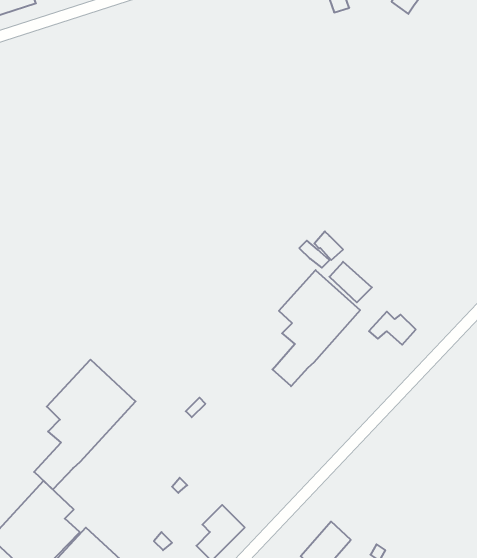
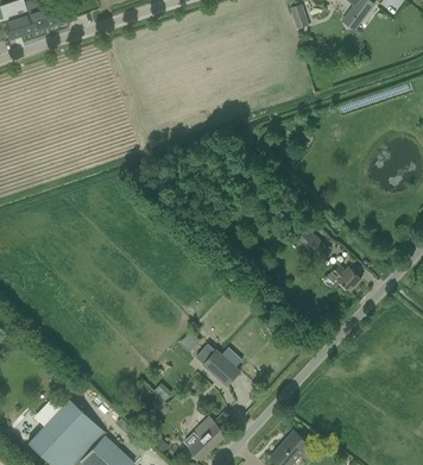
building: [272,270,360,386] -> none
building: [34,360,136,490] -> none
building: none -> [203,350,240,385]

